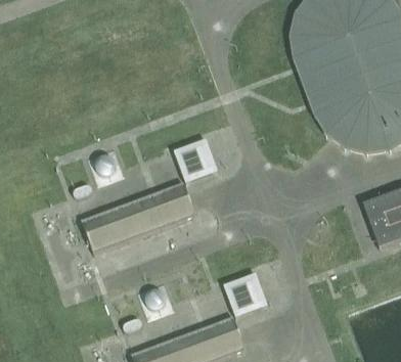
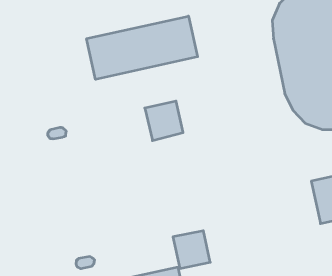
building: none -> [87,16,198,79]
building: [81,182,195,254] -> none

